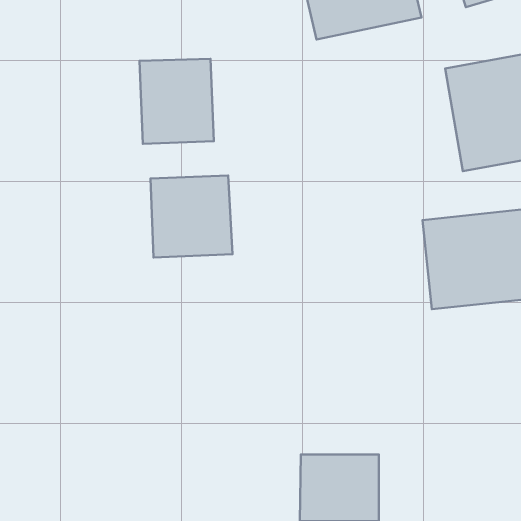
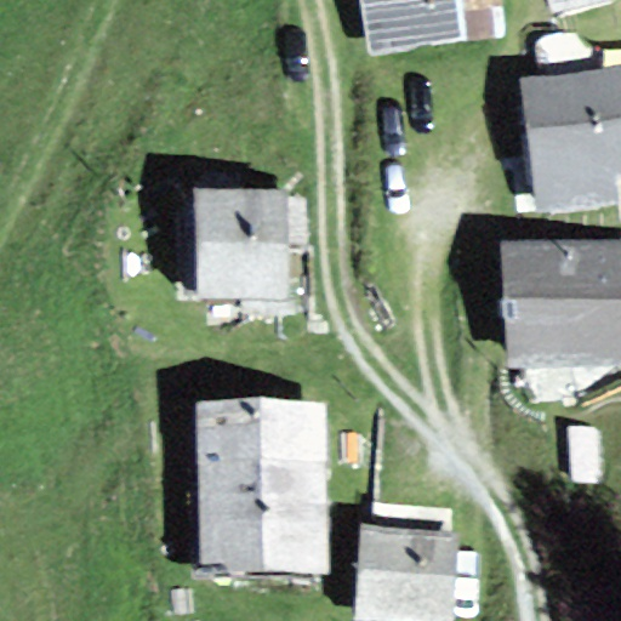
building: [140,59,214,144] -> none
building: none -> [193,414,319,570]

